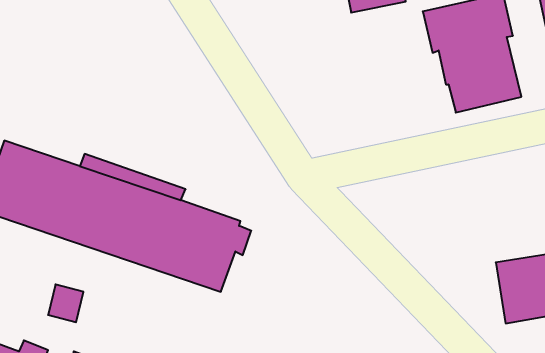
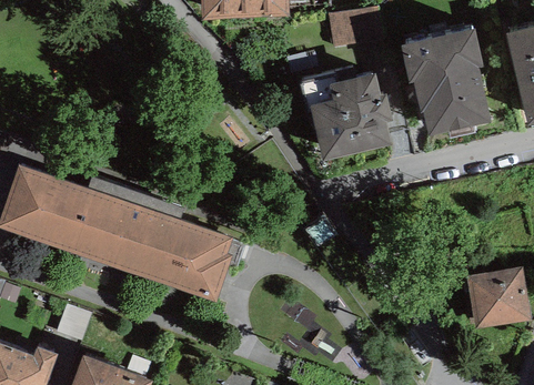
building: none -> [299,72,393,161]

